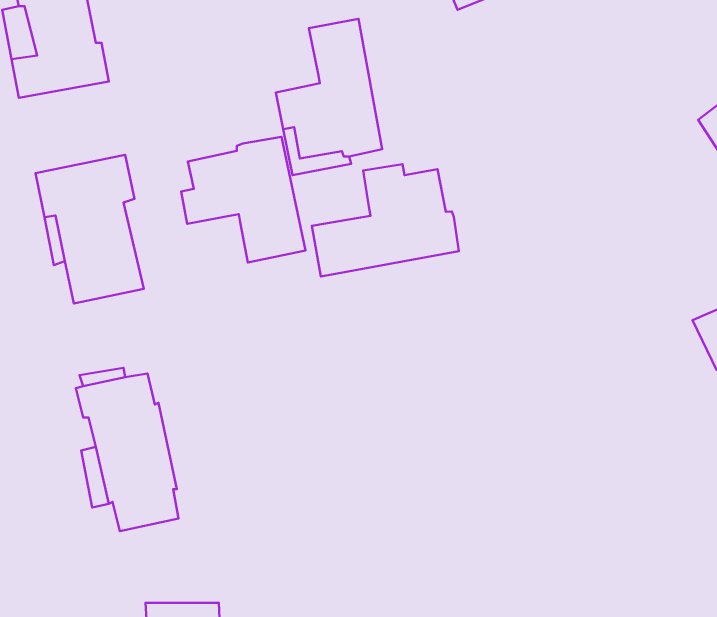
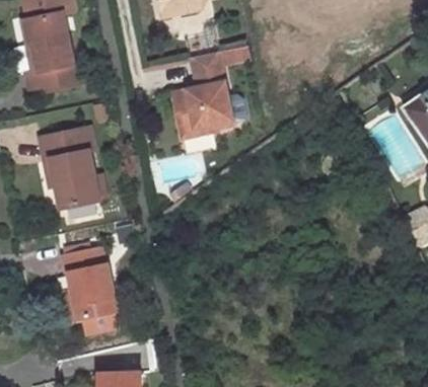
building: [181,137,305,263] -> none
building: [312,164,459,276] -> none

